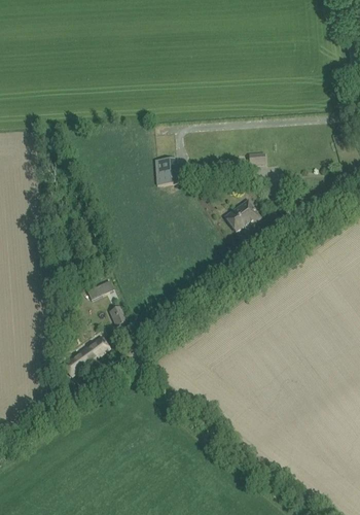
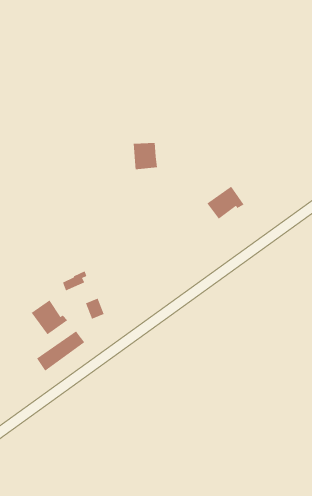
building: none -> [31,300,68,335]

